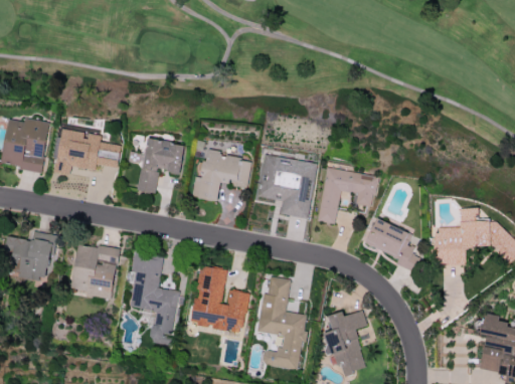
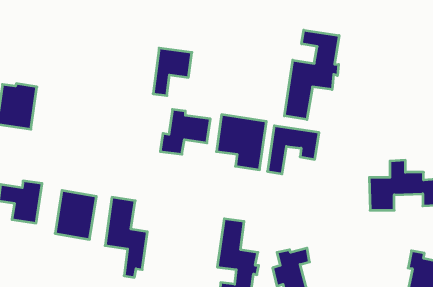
building: none -> [284,30,339,120]
building: [54,130,120,175] -> none
building: [139,139,184,194] -> [153,48,192,96]
building: [365,219,417,271] -> none
building: [191,266,248,334] -> none

